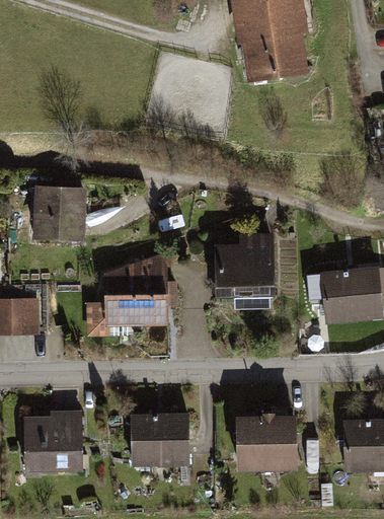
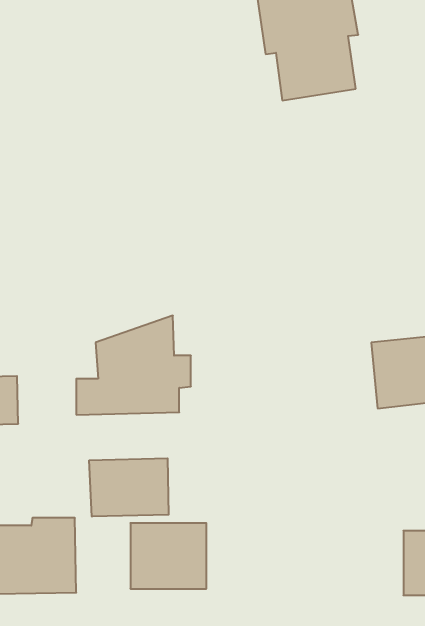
building: [34,184,84,240] -> none
building: [215,233,279,295] -> none
building: none -> [89,458,169,517]
building: [235,415,296,472] -> none

